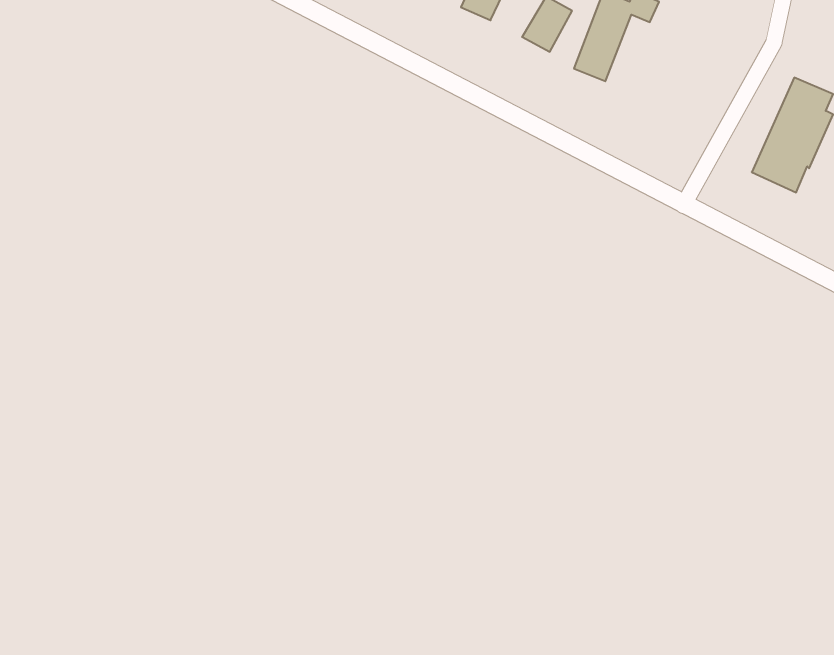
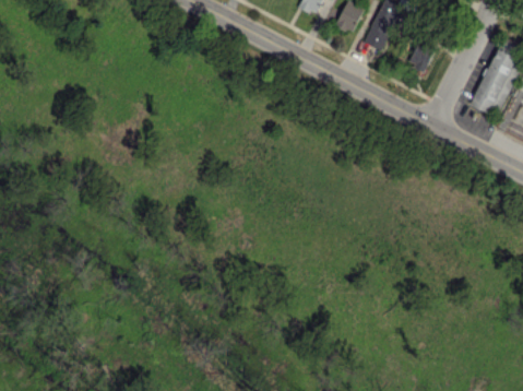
building: none -> [408,43,436,72]

